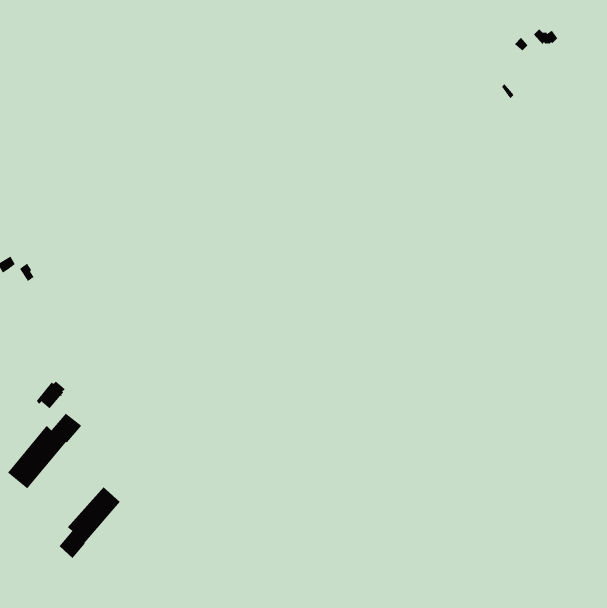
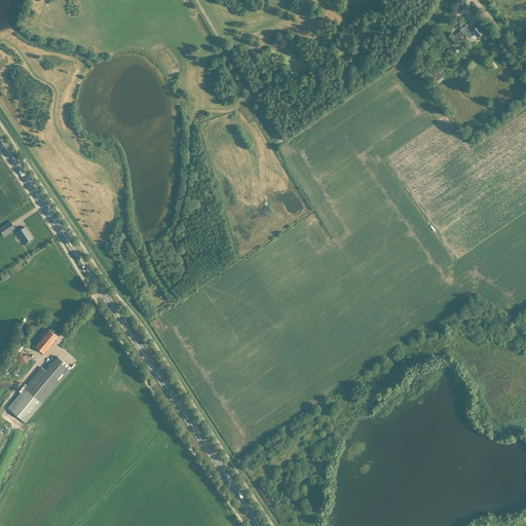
building: [59,487,121,559] -> none

